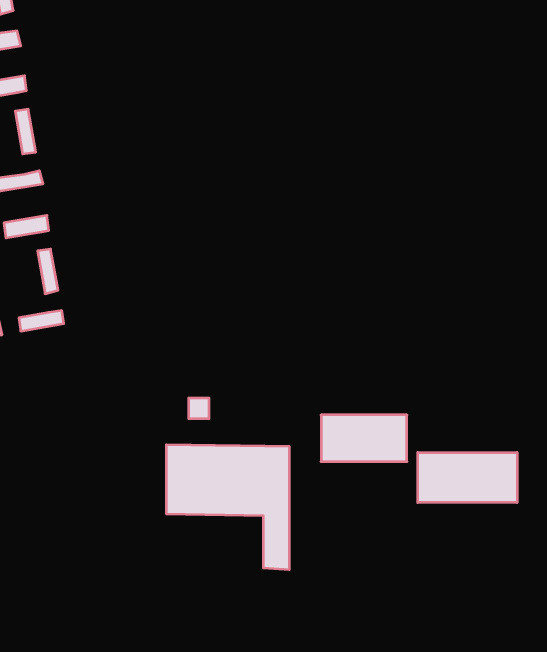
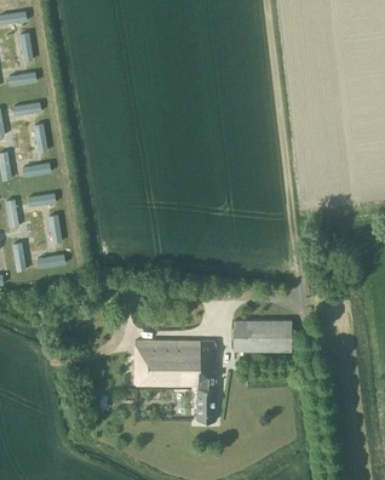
building: [418,452,517,503] -> none

